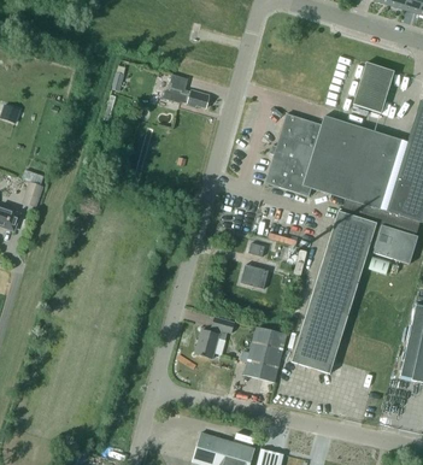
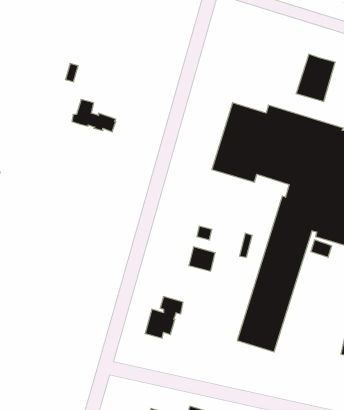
building: [163,75,208,108] -> [72,99,116,132]
building: [243,326,286,382] -> none

